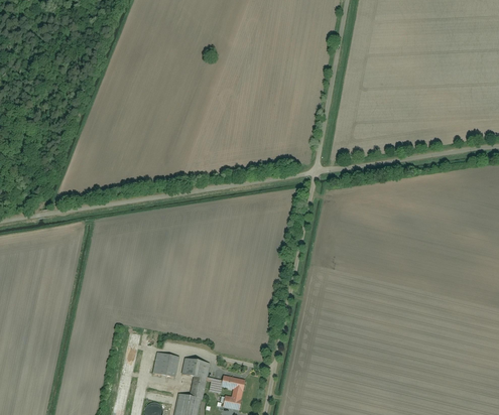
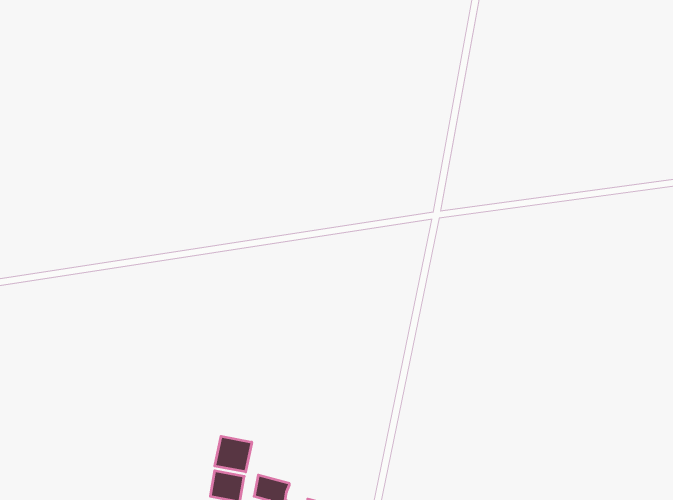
building: none -> [215,436,252,472]

